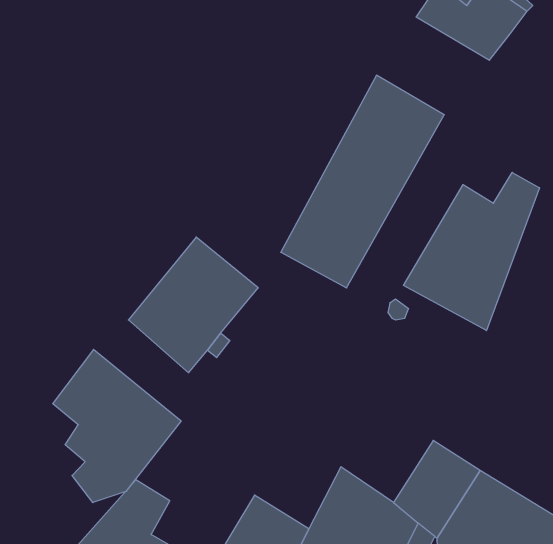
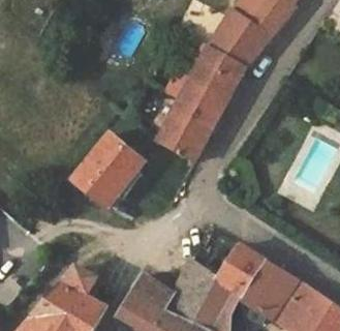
building: none -> [209,11,271,65]
building: [403,172,540,331] -> none
building: [53,349,181,503] -> none

